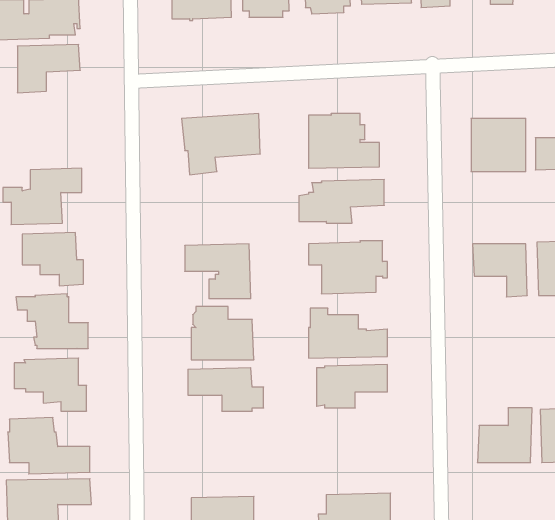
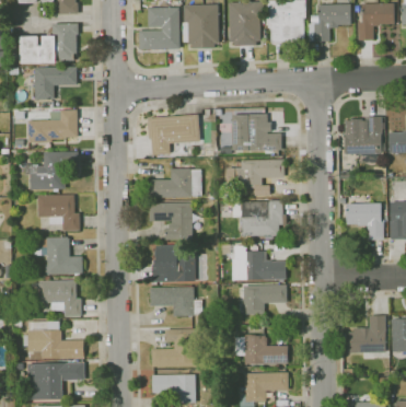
building: none -> [27,109,78,142]
building: none -> [147,168,201,198]
building: none -> [151,328,195,367]
building: none -> [234,334,288,364]

